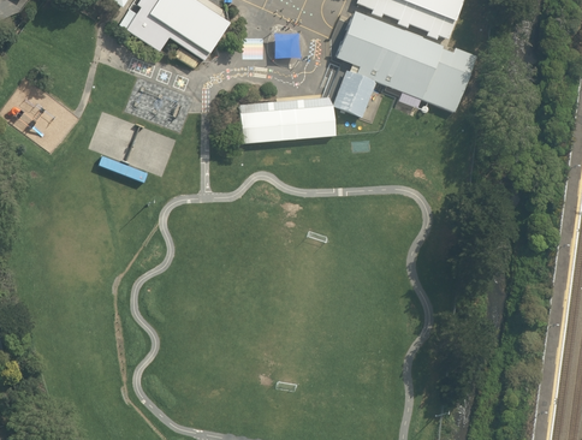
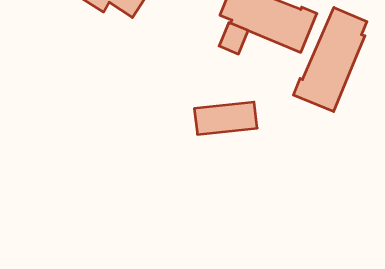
building: none -> [293,7,367,112]
building: [239,96,333,144] -> [194,102,257,134]

